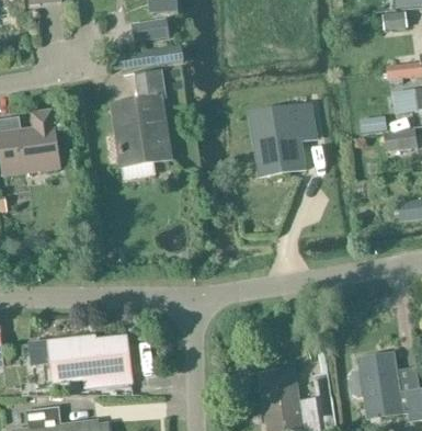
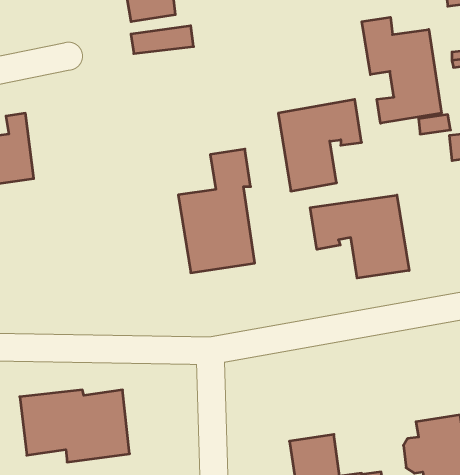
building: none -> [362,17,441,123]
building: [110,68,170,166] -> [178,149,255,273]
building: none -> [310,195,409,278]

